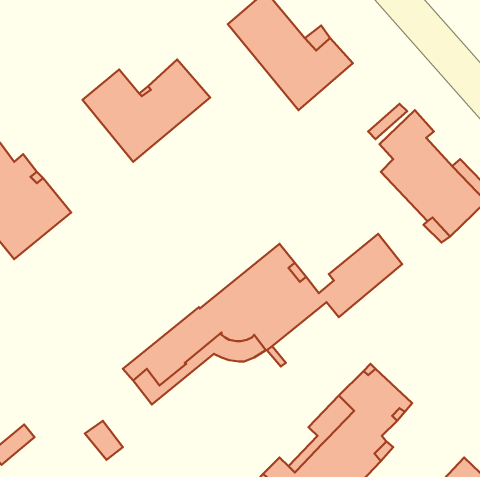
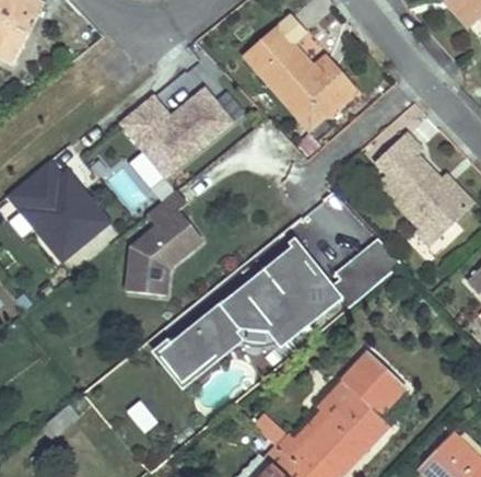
building: none -> [127,188,202,294]

